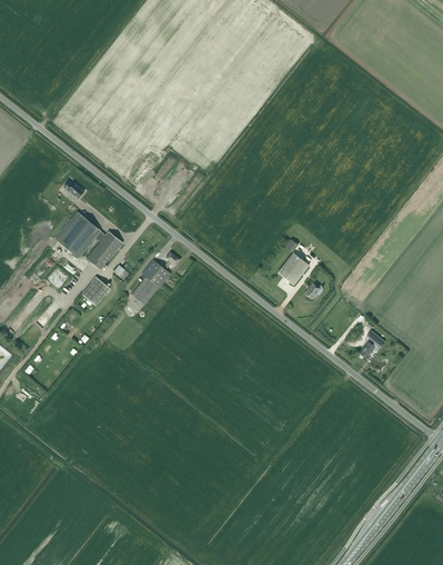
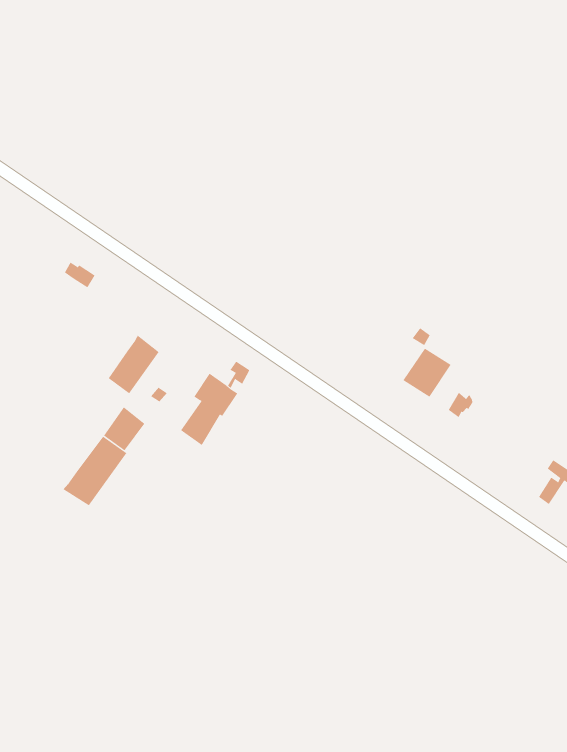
building: [56,211,105,256] -> none
building: none -> [63,436,127,506]

